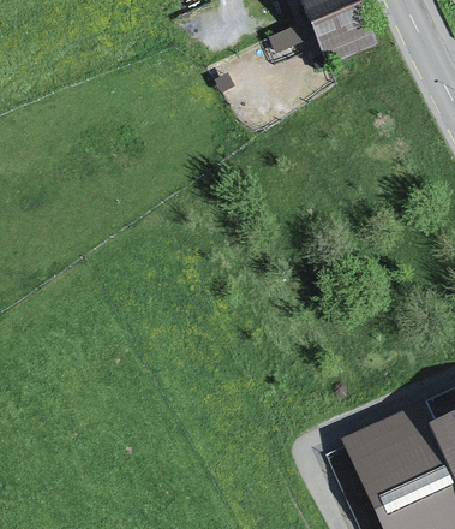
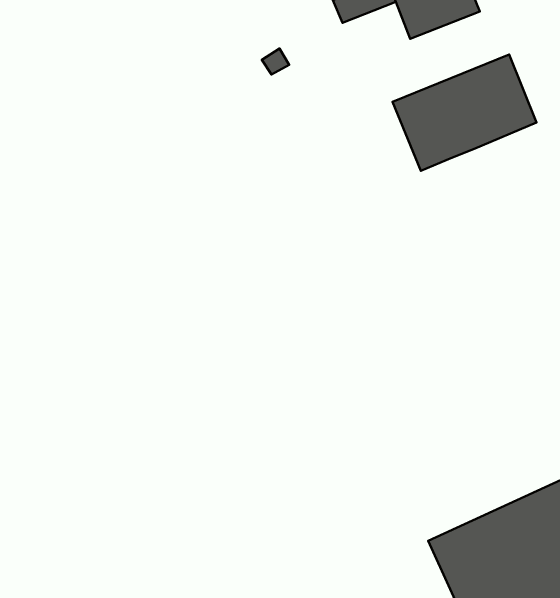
building: none -> [392,55,537,171]

